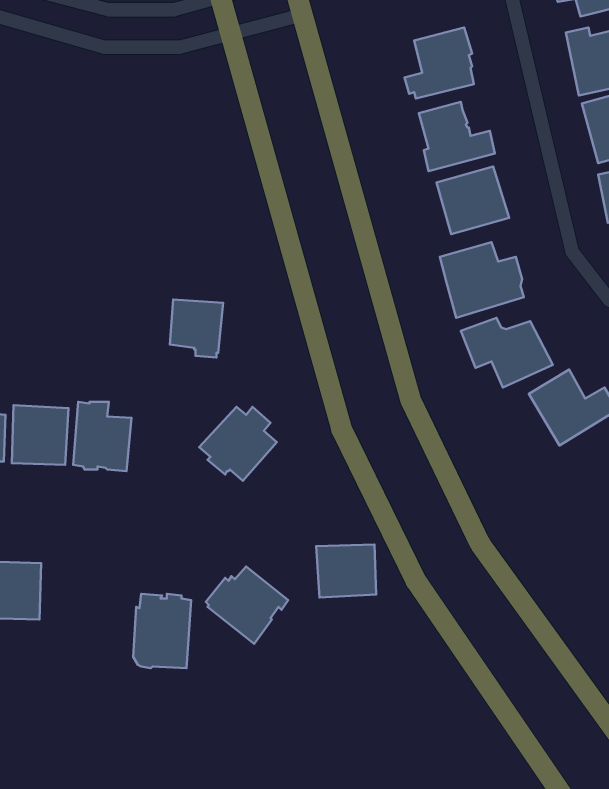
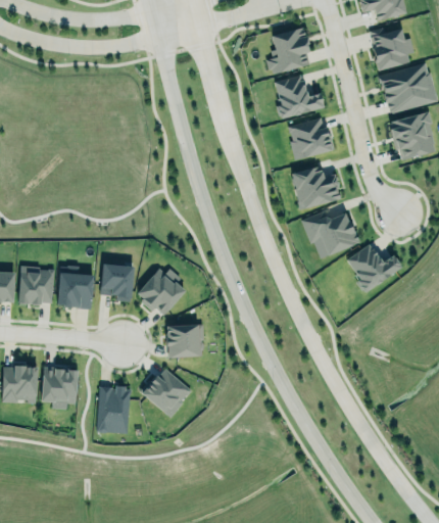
building: [170,299,223,358] -> [101,265,135,301]
building: [316,544,376,598] -> [166,325,204,359]
building: none -> [42,367,79,410]

